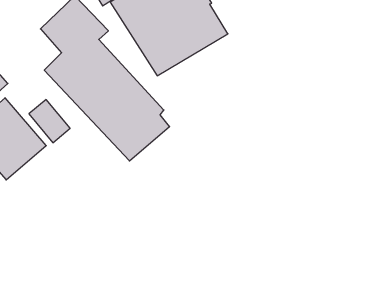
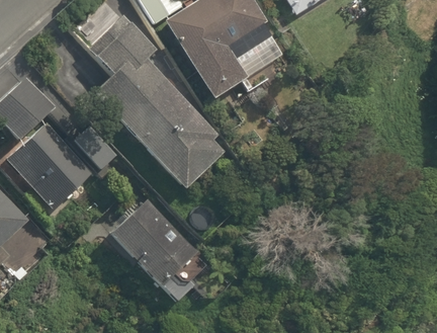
building: none -> [107,197,206,301]

